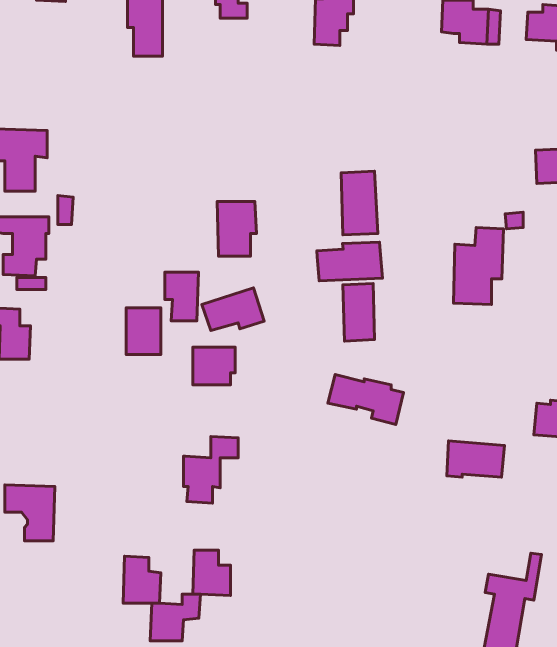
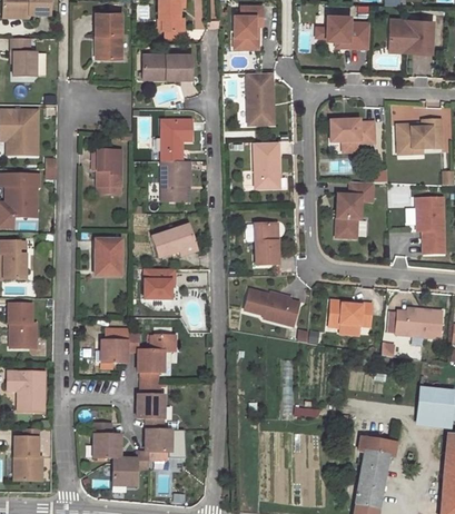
building: none -> [11,38,37,76]
building: none -> [146,55,192,78]
building: none -> [246,71,273,123]
building: none -> [162,121,194,162]
building: none -> [330,121,376,147]
building: [317,242,382,281] -> none
building: [165,272,198,321] -> [98,150,122,186]
building: none -> [8,304,36,348]
building: none -> [101,328,140,363]
building: [447,441,505,477] -> [329,300,372,327]
building: none -> [137,383,165,418]
building: none -> [13,437,41,481]

